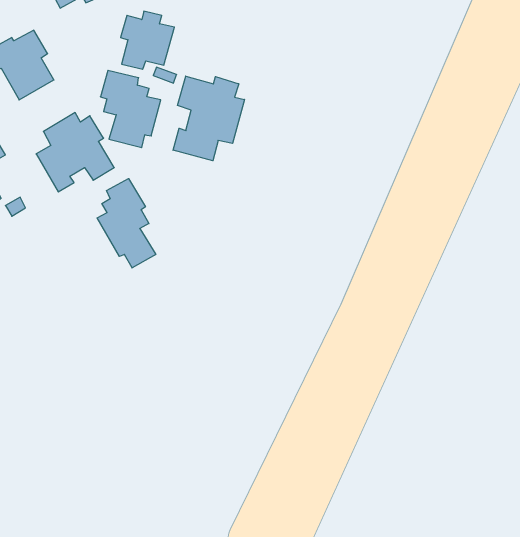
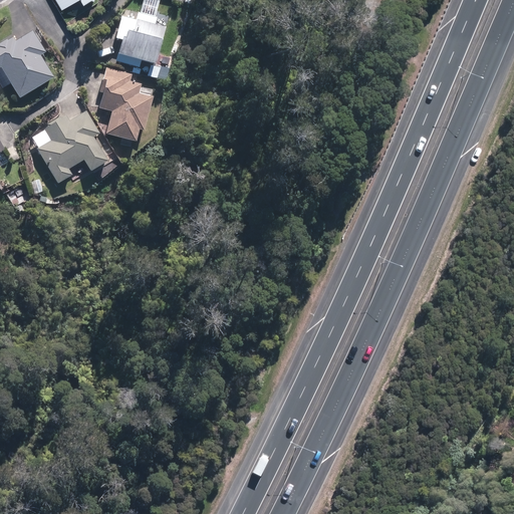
building: [173,76,244,161] -> none
building: [97,179,156,268] -> none

